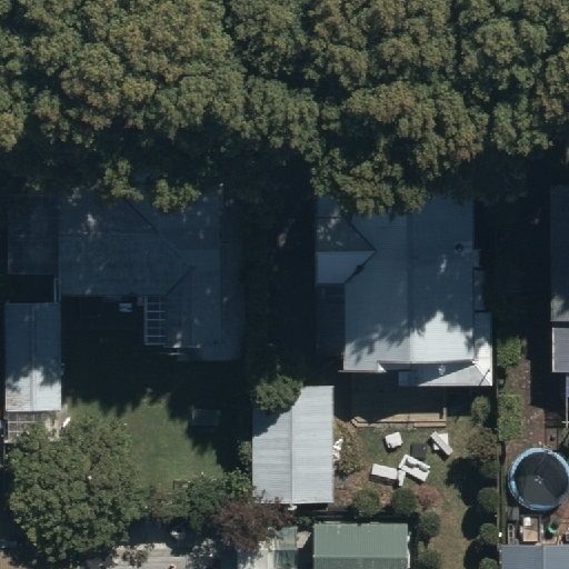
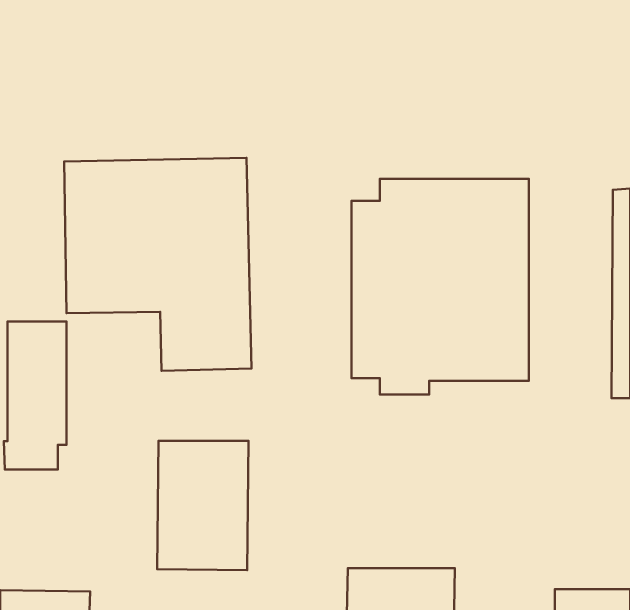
building: [252,392,335,509] -> [157,441,248,570]

